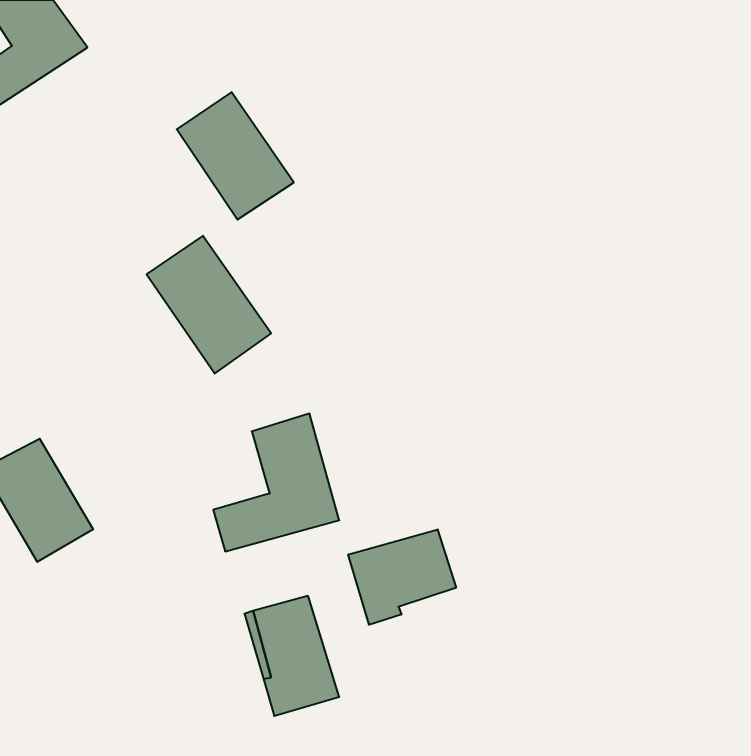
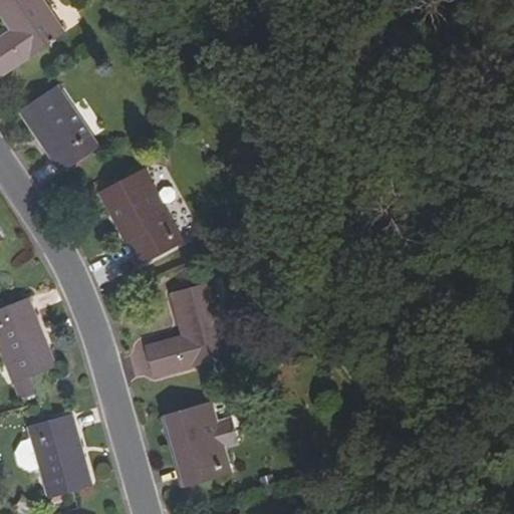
building: [177,92,294,220] -> [16,86,95,173]
building: [348,529,456,625] -> none
building: none -> [12,417,87,498]

